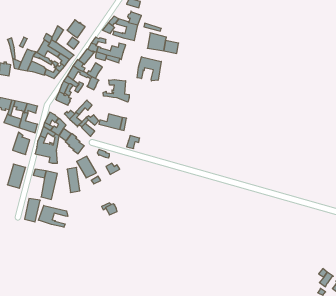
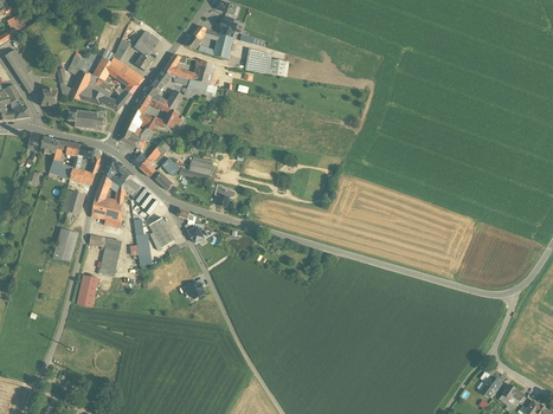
building: [137,57,161,81] -> none
building: none -> [69,111,105,130]
building: [103,80,129,102] -> none
building: [38,205,68,227] -> none

